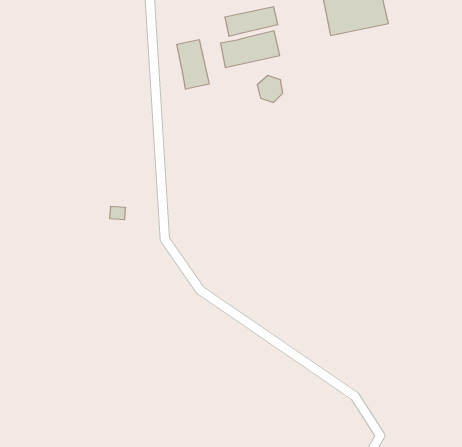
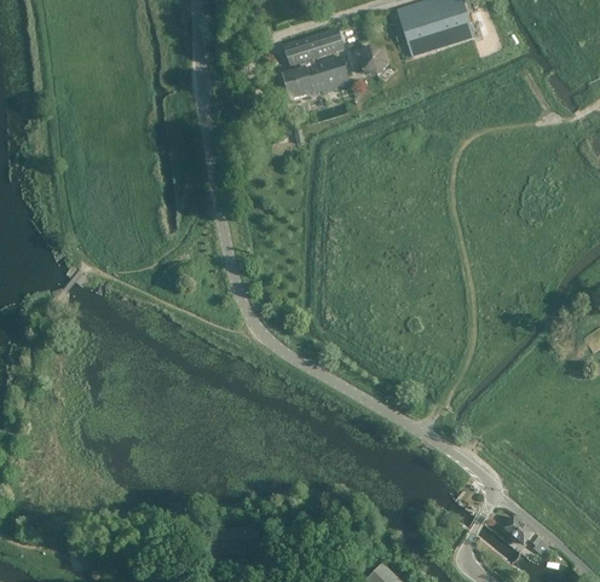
building: [177,40,209,89] -> none
building: [257,76,283,102] -> [362,45,391,74]

